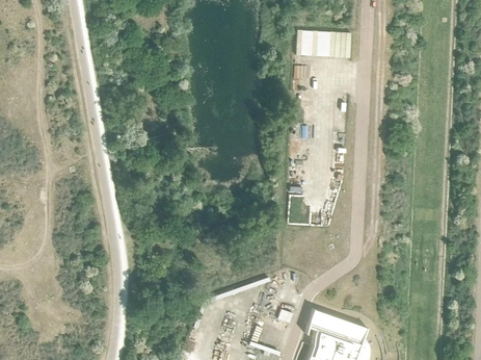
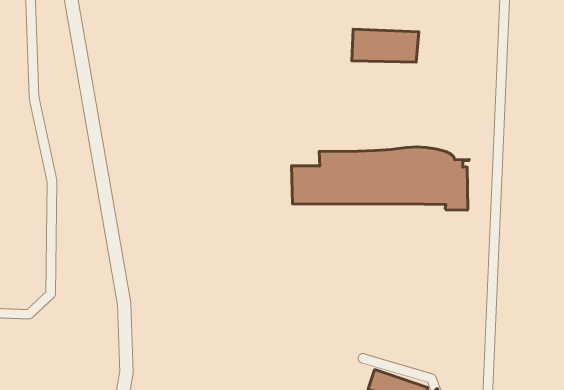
building: none -> [291,147,469,210]

